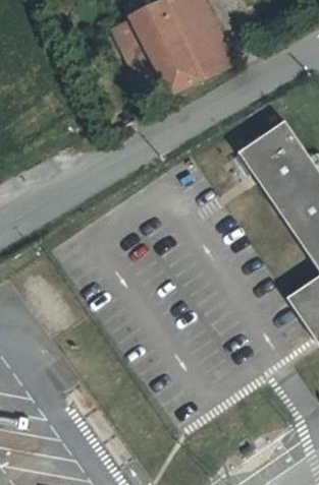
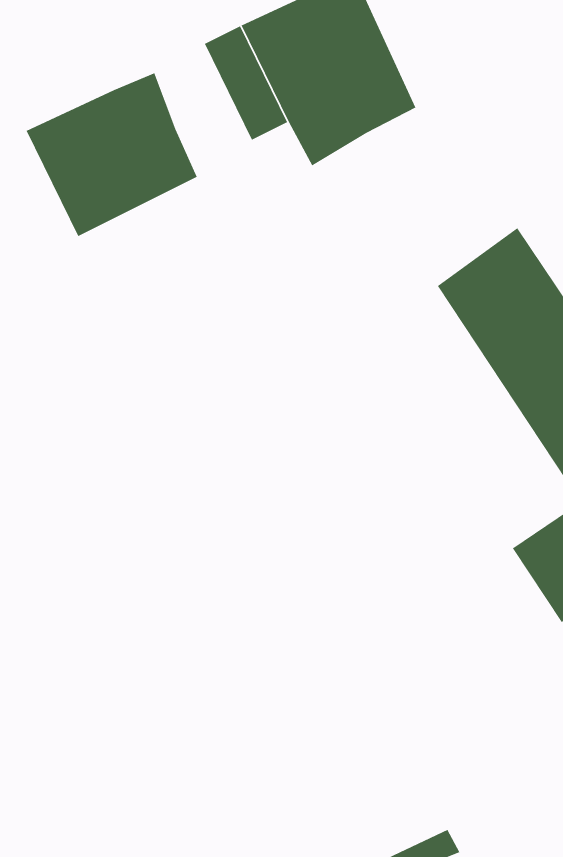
building: none -> [25,72,198,237]

